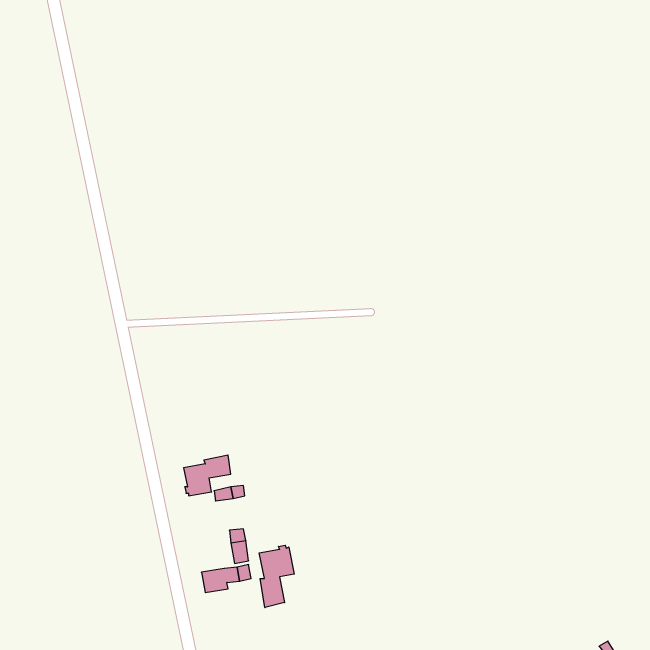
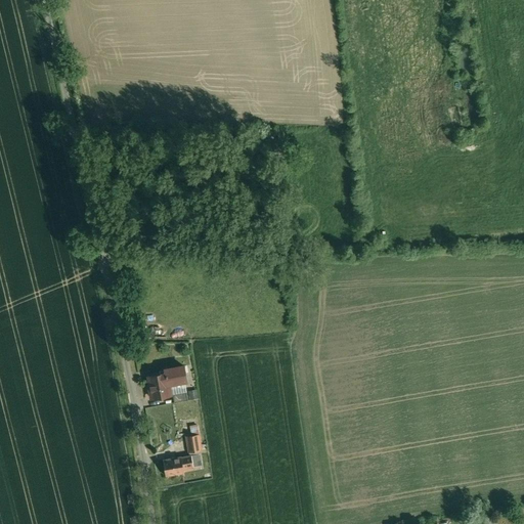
building: [259,545,294,608] -> none

